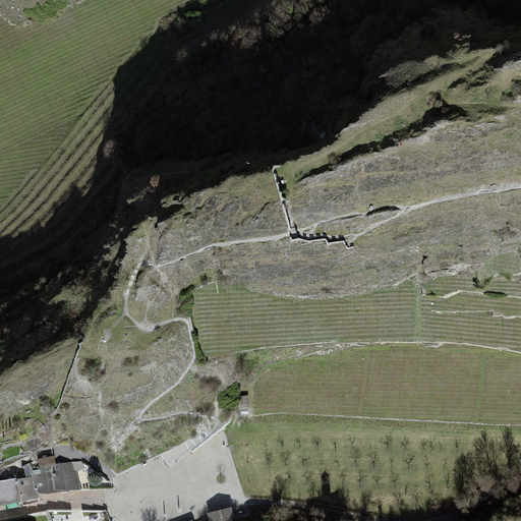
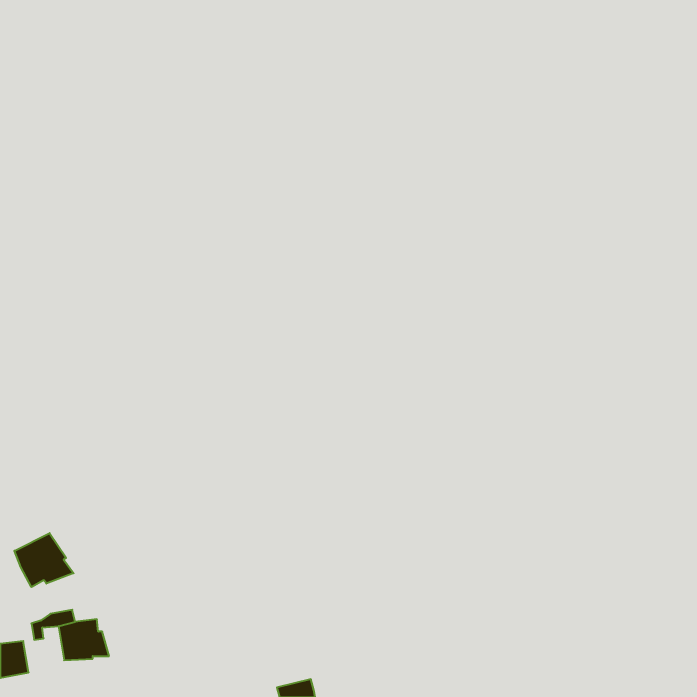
building: none -> [14,533,74,587]
building: [17,467,48,502] -> none

